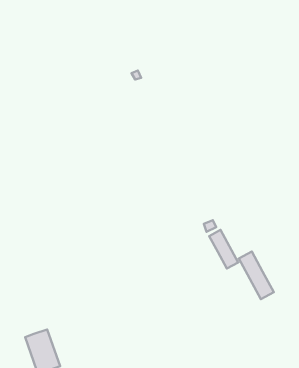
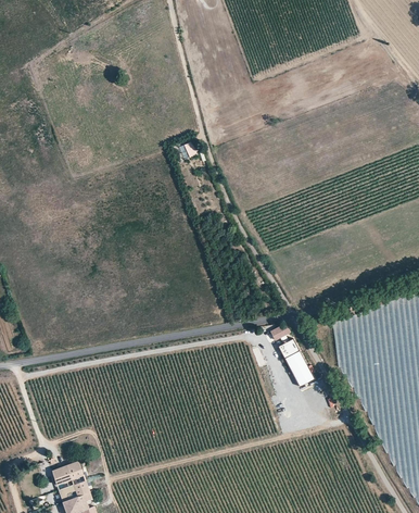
building: [239,251,274,299] -> none

